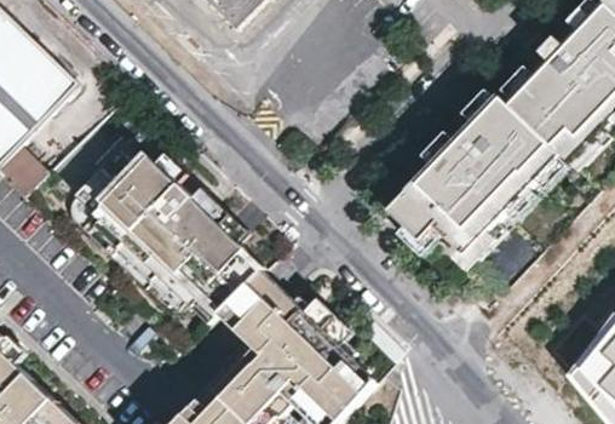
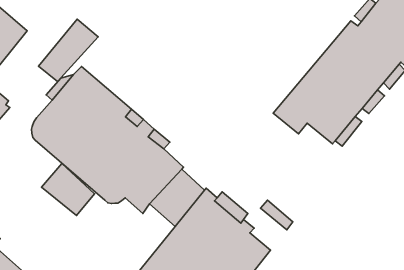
building: none -> [38,19,98,82]
building: none -> [42,163,95,216]

